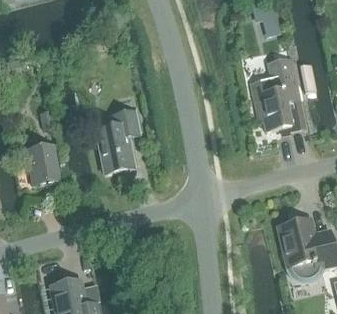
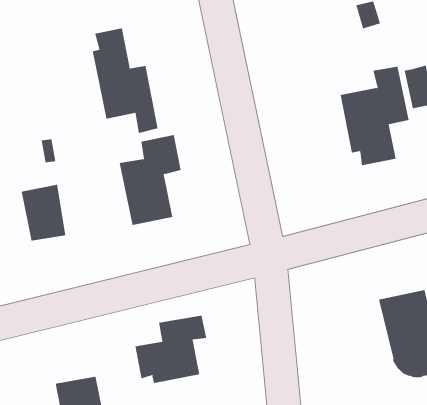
building: none -> [92,28,158,134]
building: none -> [135,315,207,384]

